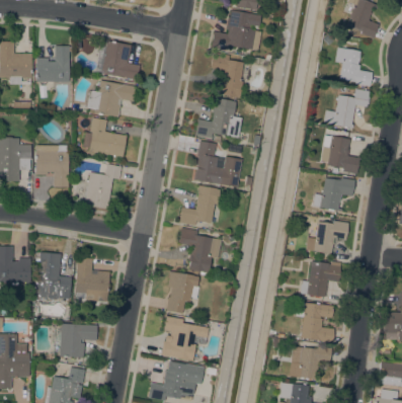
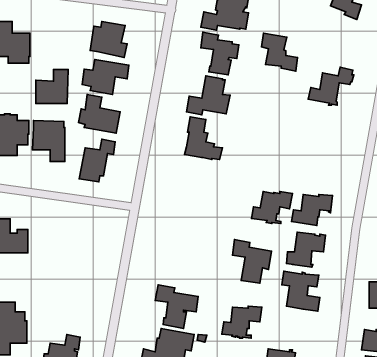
building: [36,46,70,81] -> [36,69,68,103]
building: [334,47,372,86] -> [262,33,298,71]
building: [319,134,358,173] -> none
building: [312,177,354,211] -> [251,191,292,223]
building: [179,184,220,225] -> none
building: [179,227,220,272] -> [232,240,271,283]
building: [36,251,72,299] -> none
building: [75,256,109,302] -> none
building: [166,270,198,313] -> none
building: [60,323,97,357] -> none
building: [290,346,331,380] -> [222,306,262,338]

